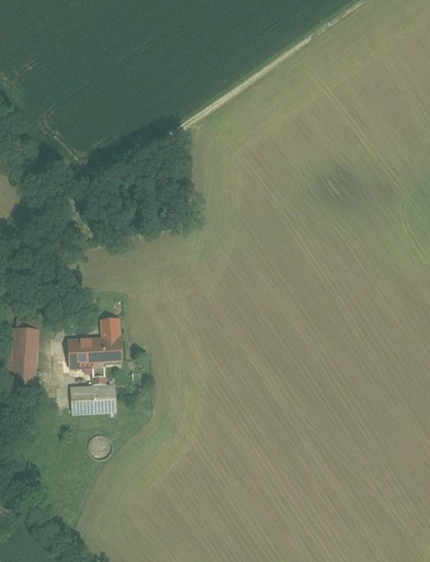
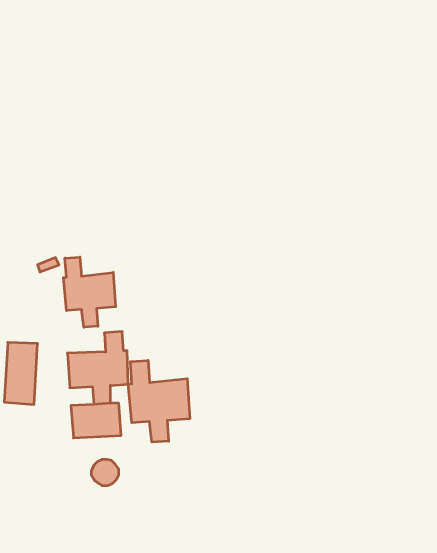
building: none -> [63,257,116,327]
building: none -> [128,360,190,442]

